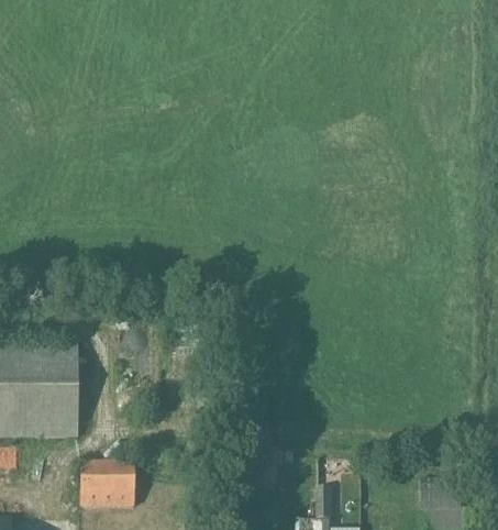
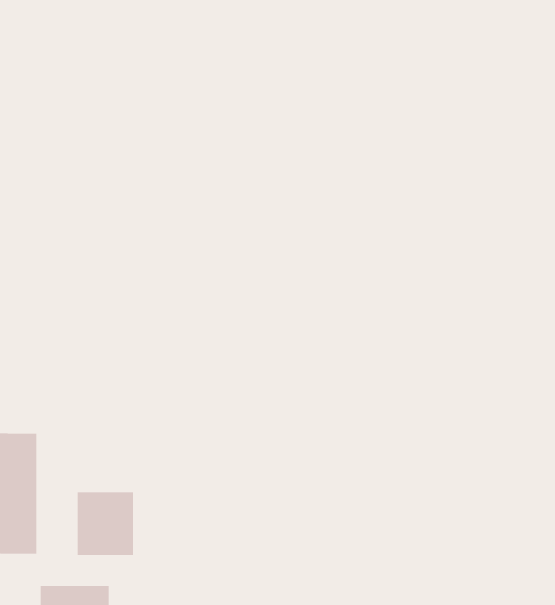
building: none -> [77,492,134,556]

